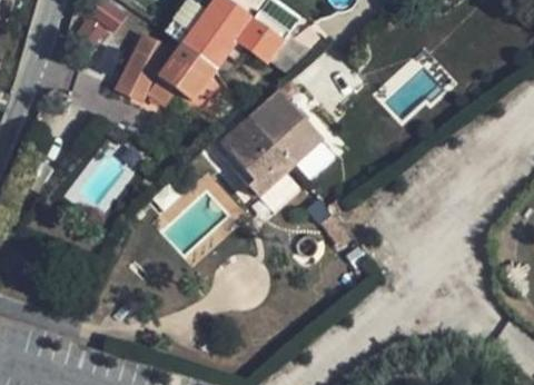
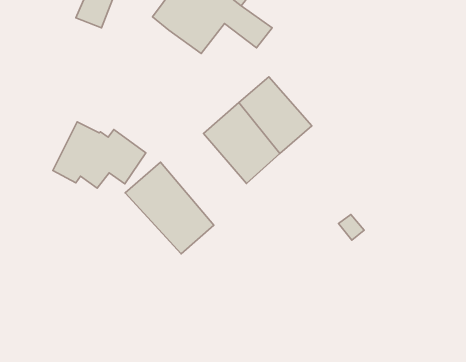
building: [119,37,212,103] -> [53,122,146,188]
building: none -> [125,162,214,254]

